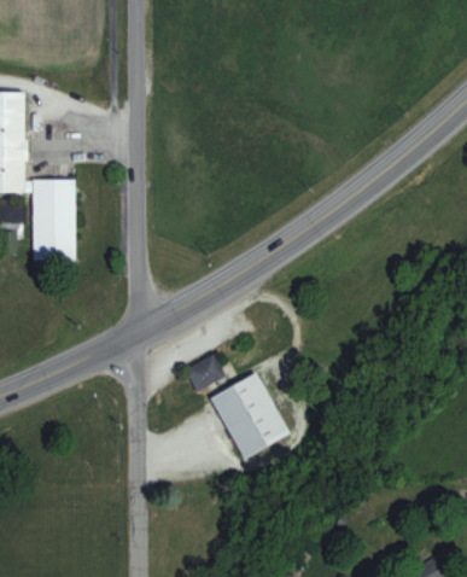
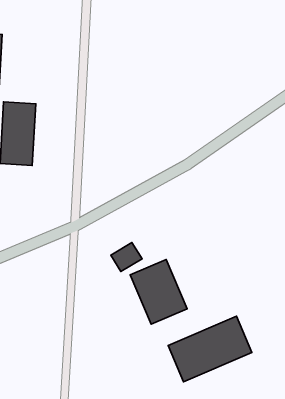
building: none -> [168,316,252,382]

